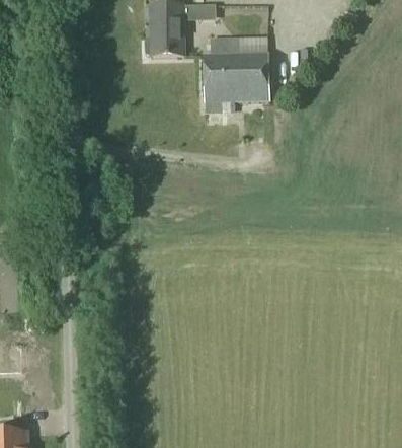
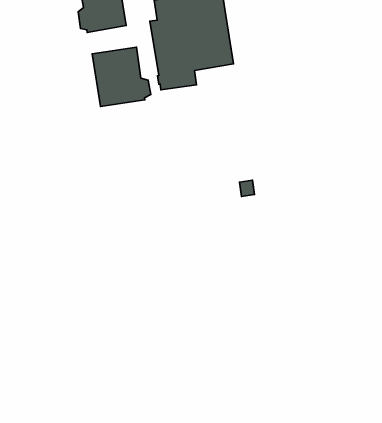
building: none -> [92,47,151,107]

